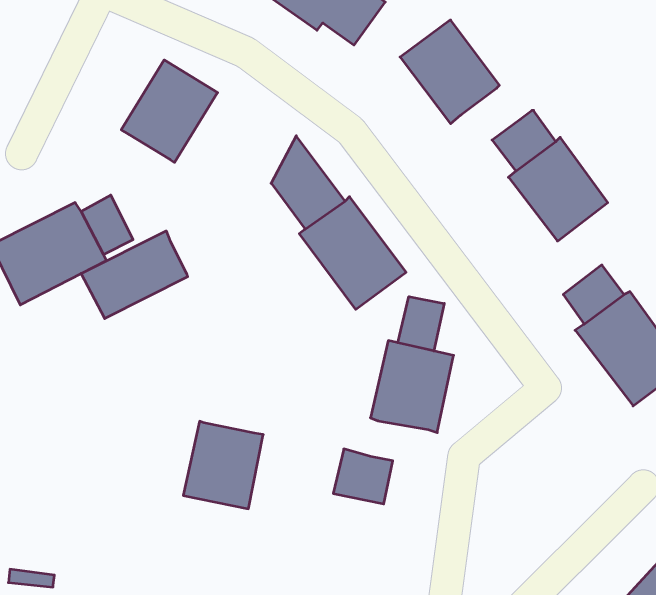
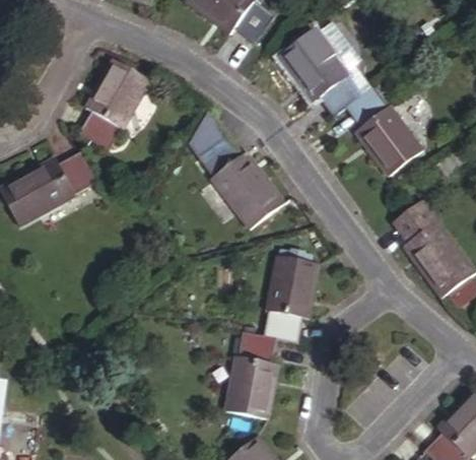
building: none -> [323,77,363,118]
building: none -> [81,109,124,149]
building: [81,231,188,319] -> none
building: [398,297,444,351] -> none
building: none -> [261,305,300,336]
building: [183,421,263,509] -> [221,353,276,413]

